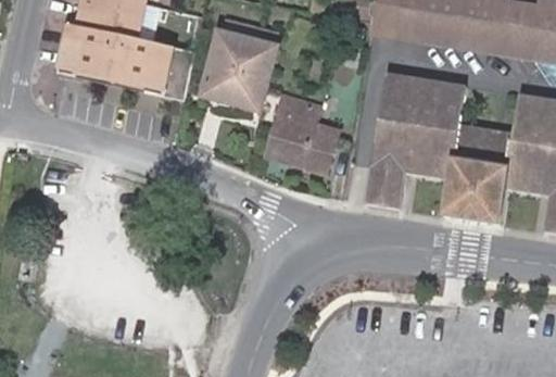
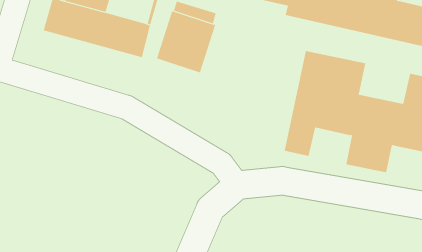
building: [266,95,338,173] -> none

